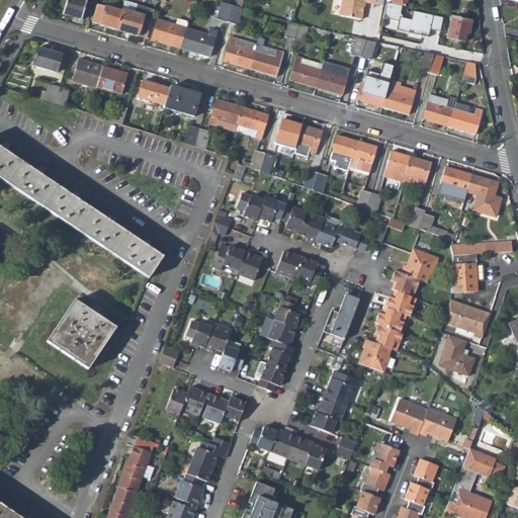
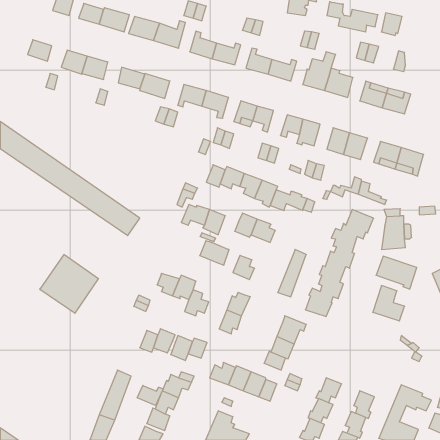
building: [260,318,294,346] -> [200,241,229,265]
building: [392,399,457,441] -> none
building: none -> [137,385,163,406]

